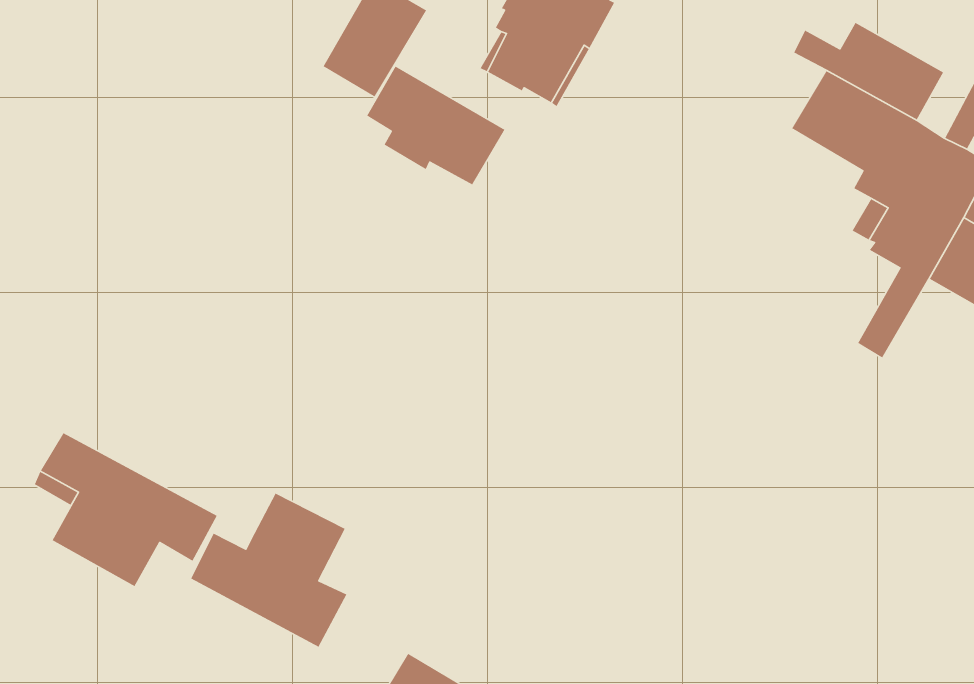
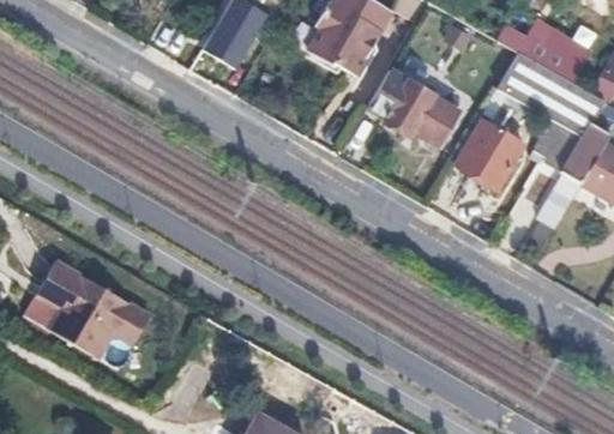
building: [366,66,506,186] -> [373,70,459,144]
building: none -> [456,117,525,189]
building: [190,493,347,648] -> none

